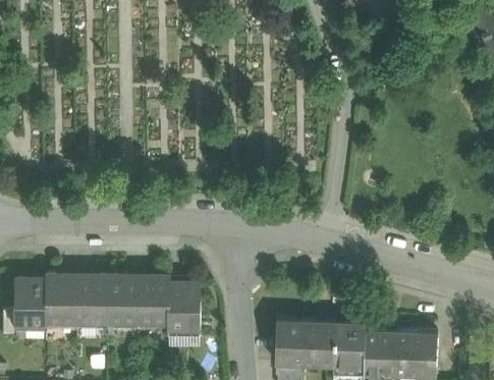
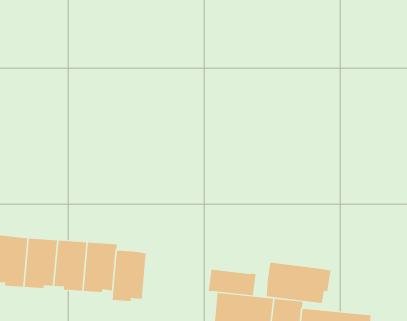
building: none -> [266,262,331,304]
building: none -> [208,269,256,296]

